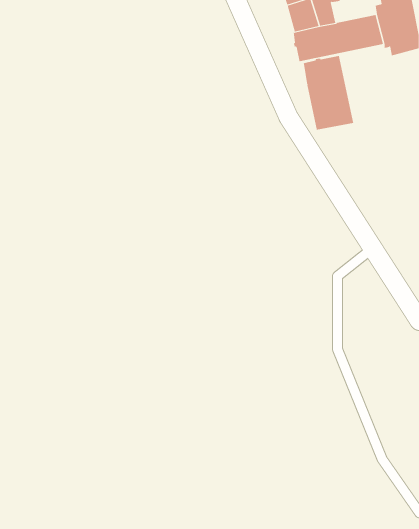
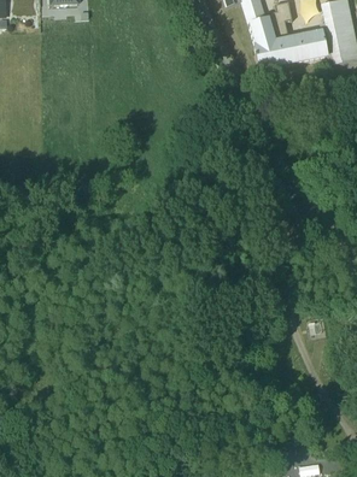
building: [303,55,354,130] -> none

